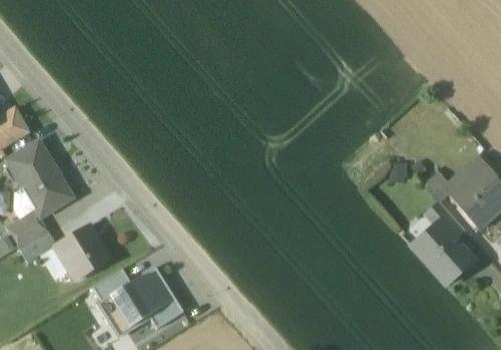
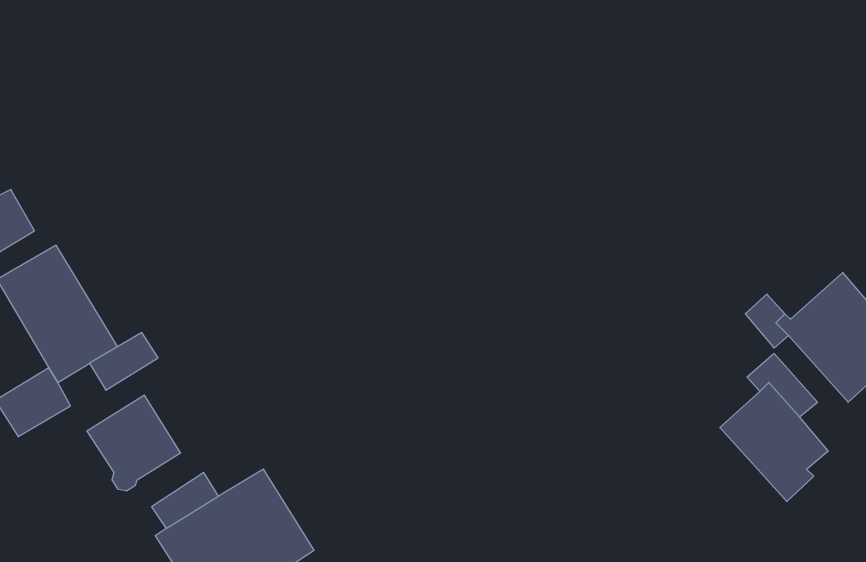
building: [20,232,58,264] -> [90,333,158,390]

